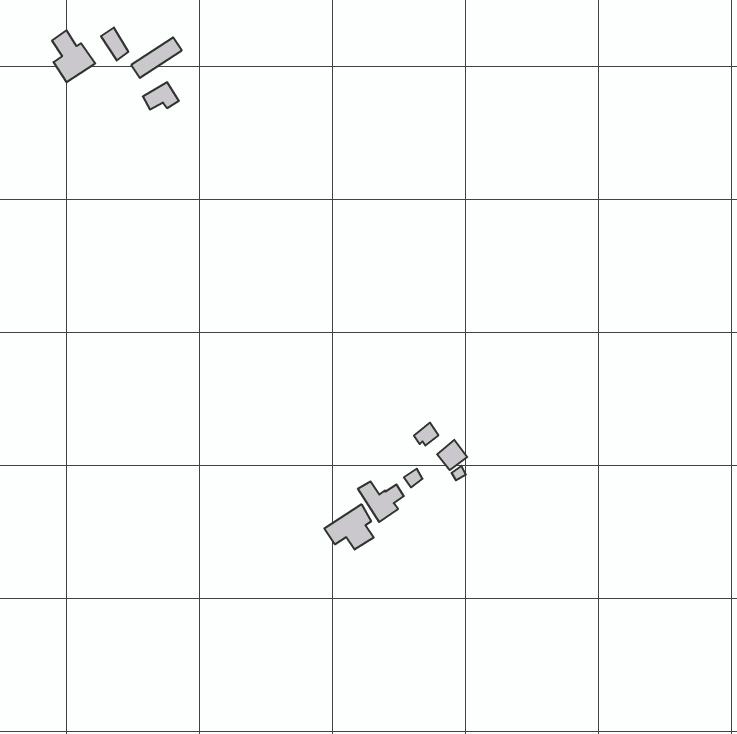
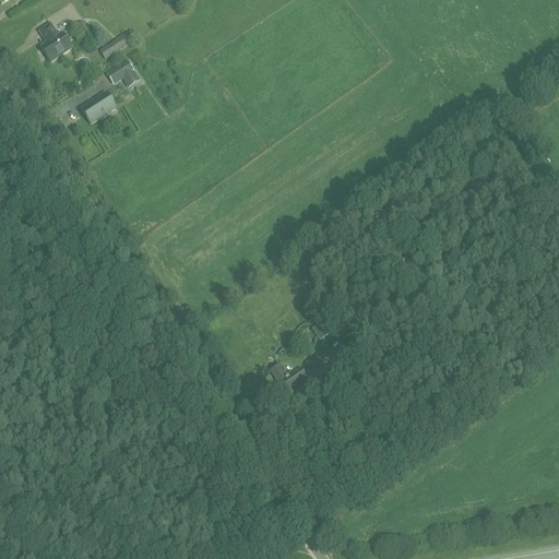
building: none -> [81,93,116,123]
building: [324,504,374,550] -> none

